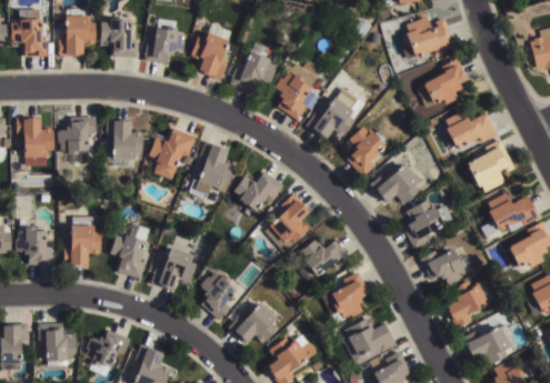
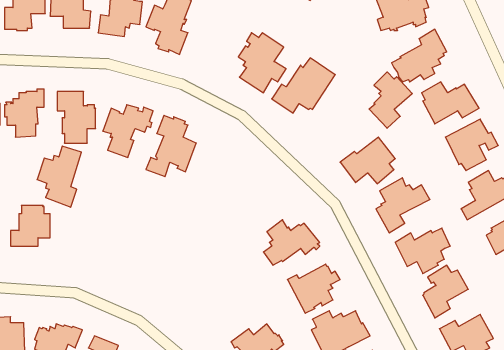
building: [230,43,277,94] -> none
building: [346,123,386,175] -> [369,72,412,128]
building: [234,171,284,210] -> none
building: [263,192,309,248] -> none
building: [109,222,150,279] -> [37,146,81,207]
building: [150,245,197,291] -> none
building: [199,271,233,320] -> none
building: [227,301,278,344] -> none

